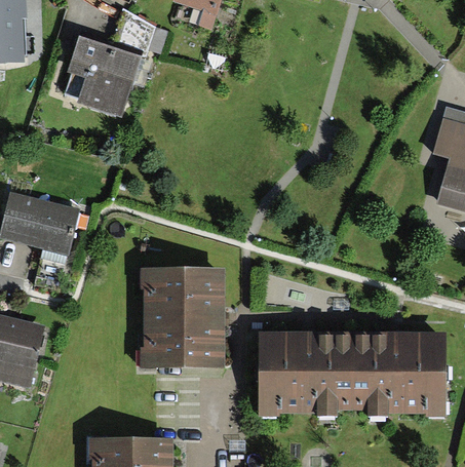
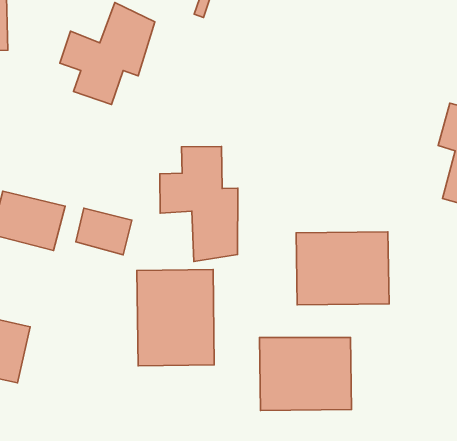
building: none -> [160,147,238,261]
building: none -> [76,208,132,255]
building: [352,337,442,407] -> [296,232,389,305]

